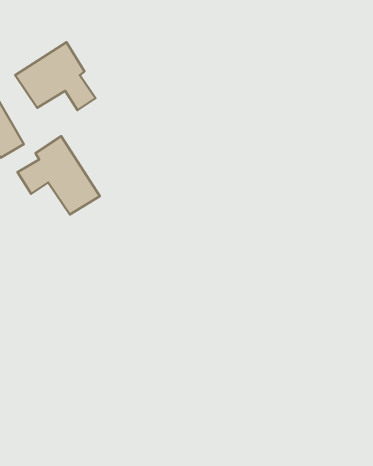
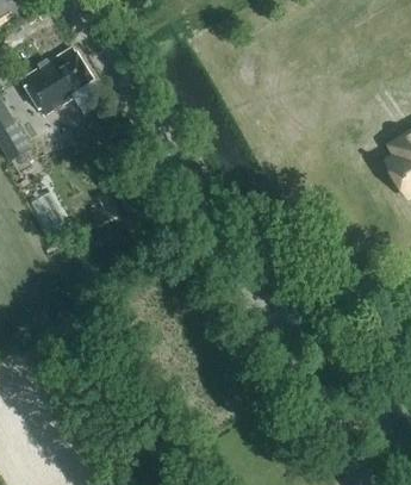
building: [18,136,100,214] -> none

